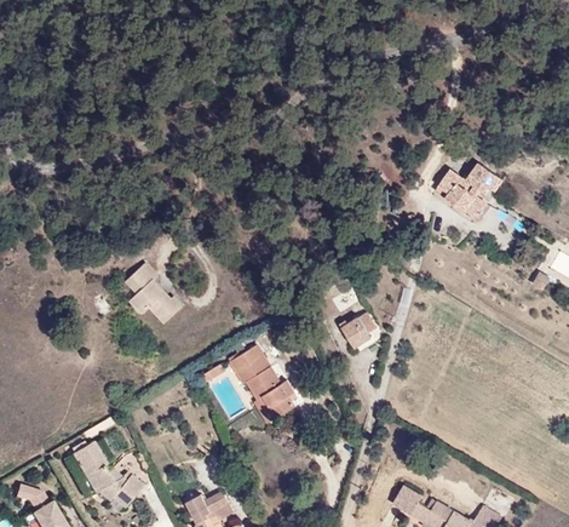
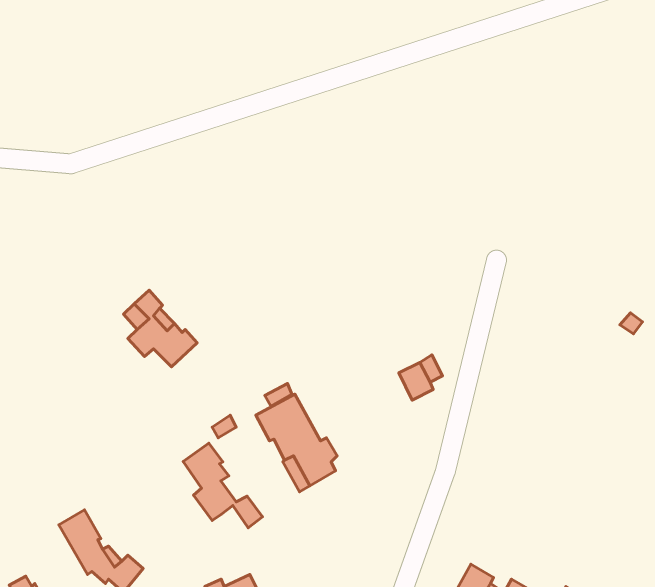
building: [432,161,499,218] -> none
building: none -> [183,443,263,528]

